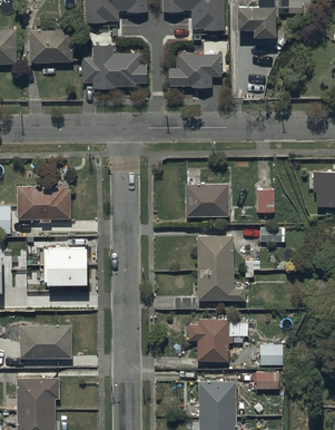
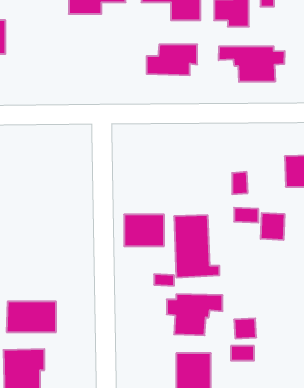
building: [29,30,73,62] -> none
building: [82,42,146,87] -> none
building: none -> [219,46,285,82]
building: [17,175,70,223] -> none
building: [186,184,228,217] -> [124,215,164,246]
building: none -> [261,213,284,240]
building: [47,246,87,283] -> none

